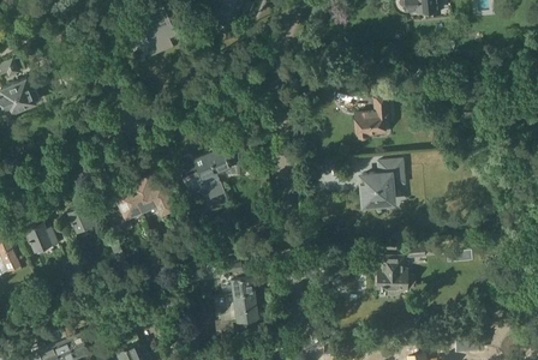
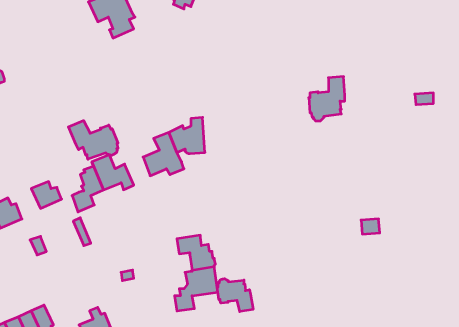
building: none -> [68,121,118,159]
building: [361,160,404,206] -> none
building: [376,257,407,295] -> none
building: none -> [217,279,253,312]

